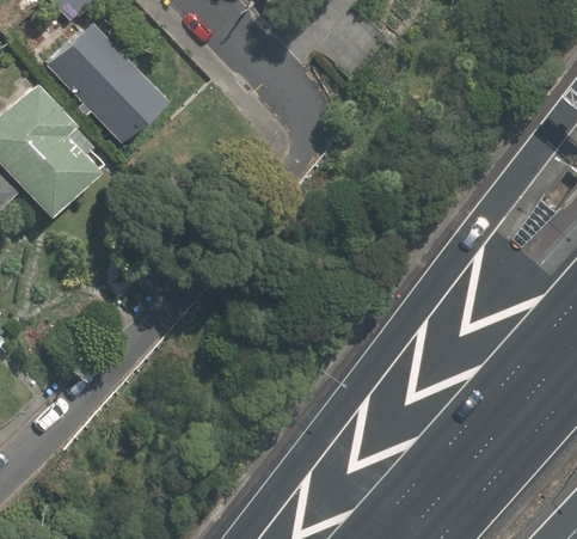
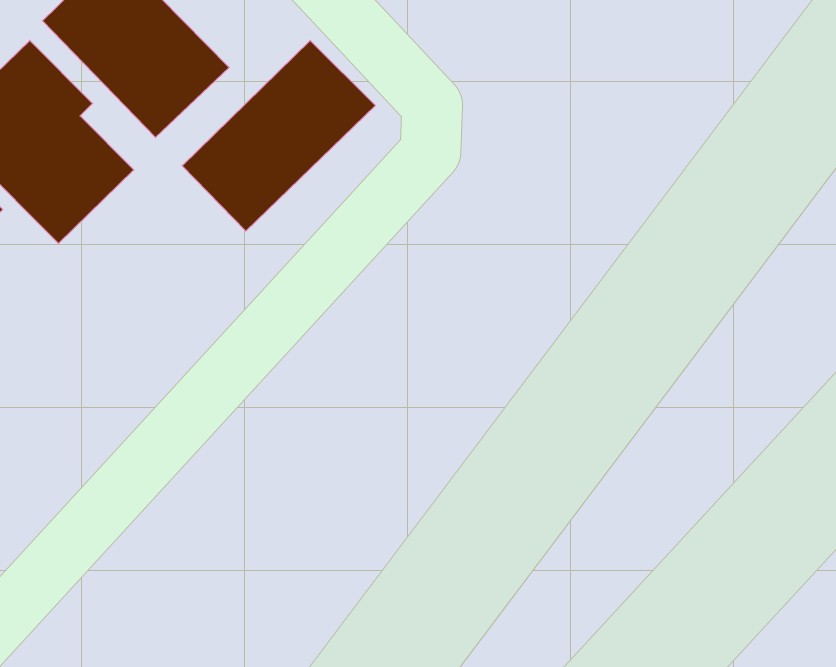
building: none -> [182,40,375,231]

